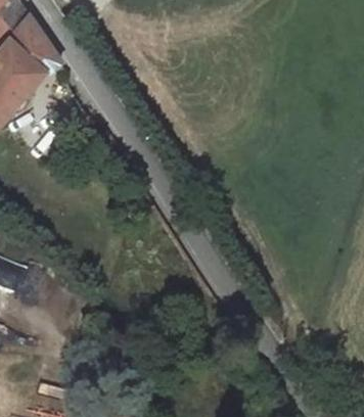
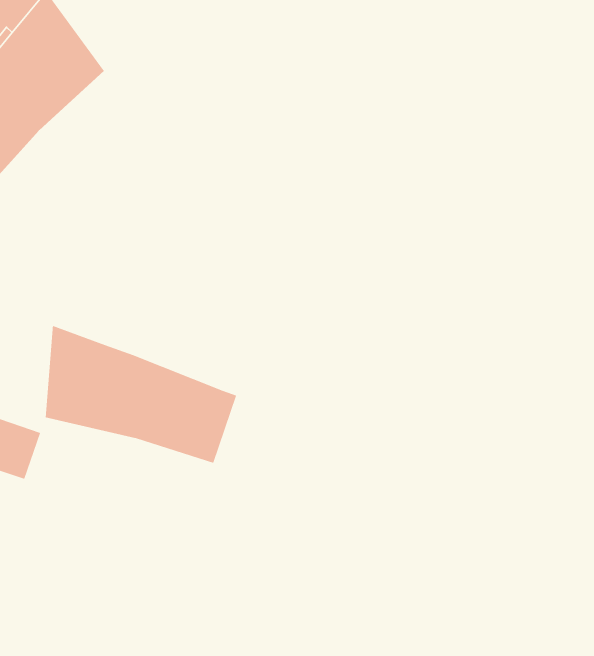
building: none -> [45,325,237,464]

